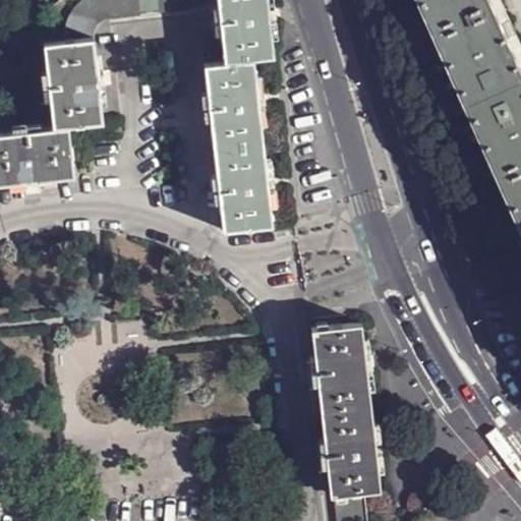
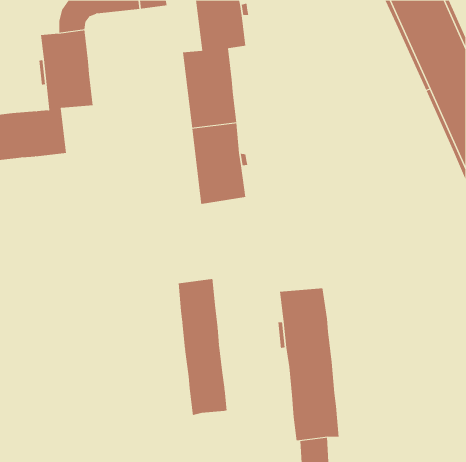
building: none -> [178,278,227,416]

